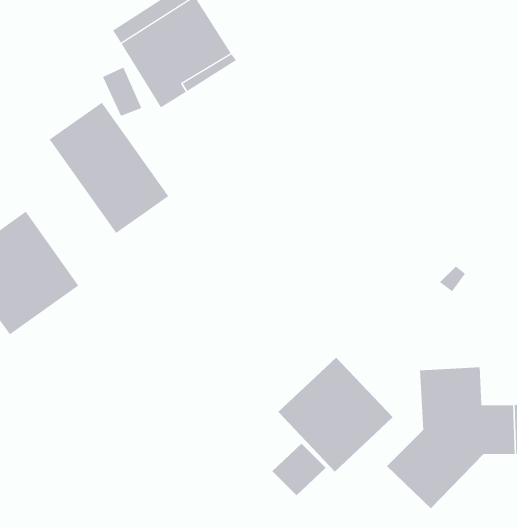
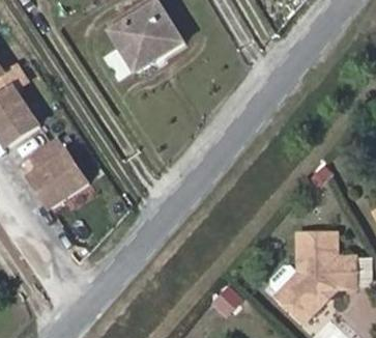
building: [49,102,169,234] -> none
building: [277,357,393,472] -> none

